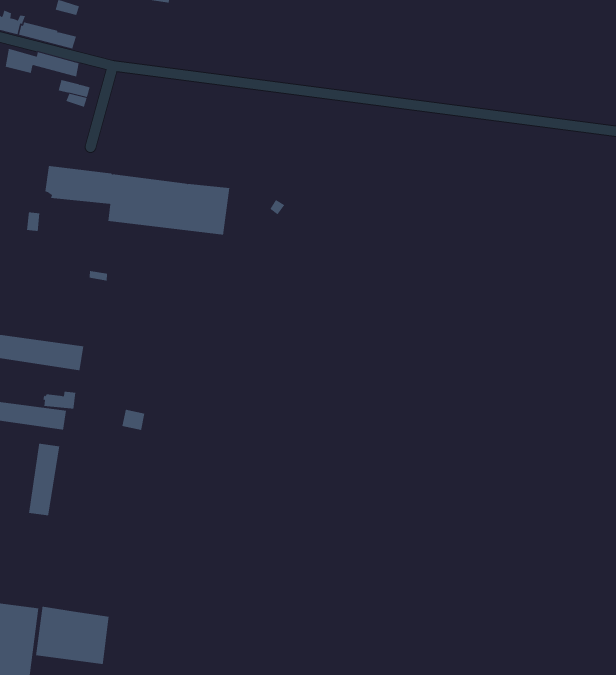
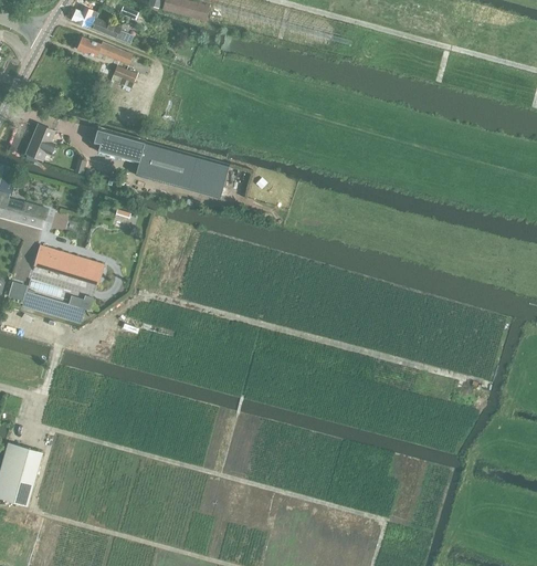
building: [28,443,60,516] -> none
building: [36,606,109,665] -> none

